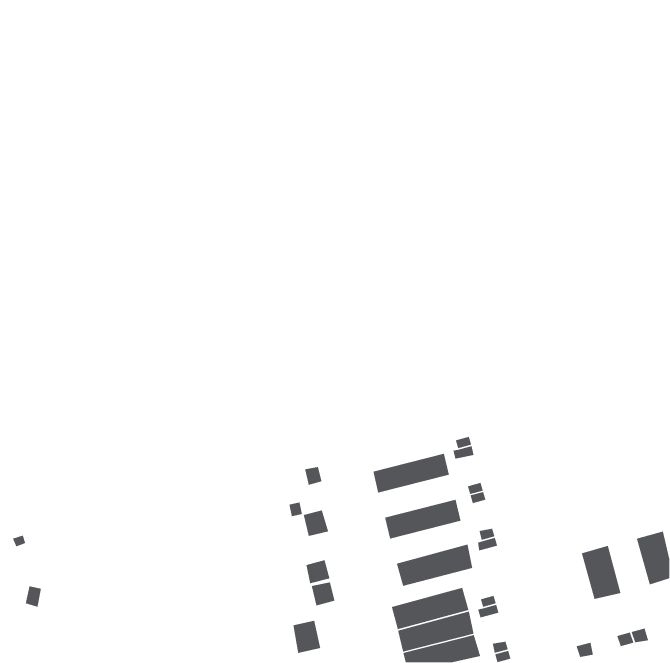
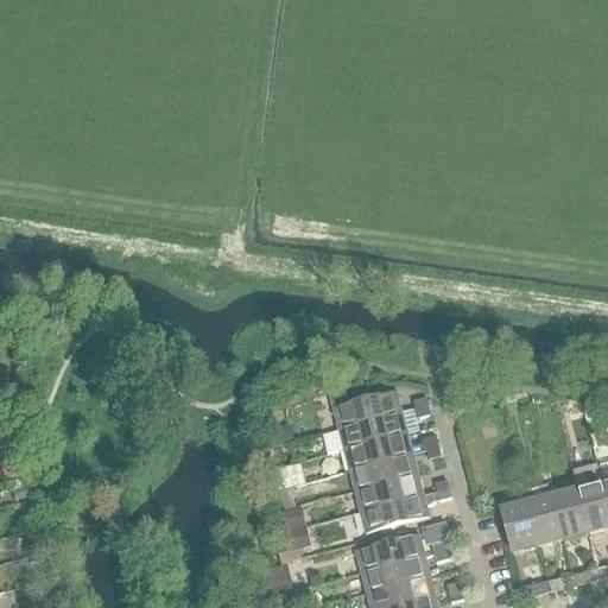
building: none -> [331,387,403,426]
building: none -> [342,430,413,468]
building: none -> [353,471,424,509]
building: none -> [551,487,588,537]
building: none -> [501,500,538,550]

